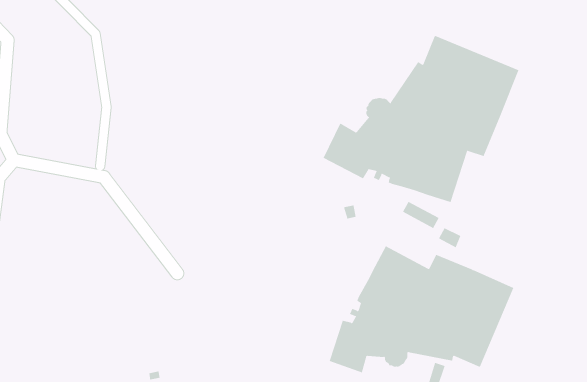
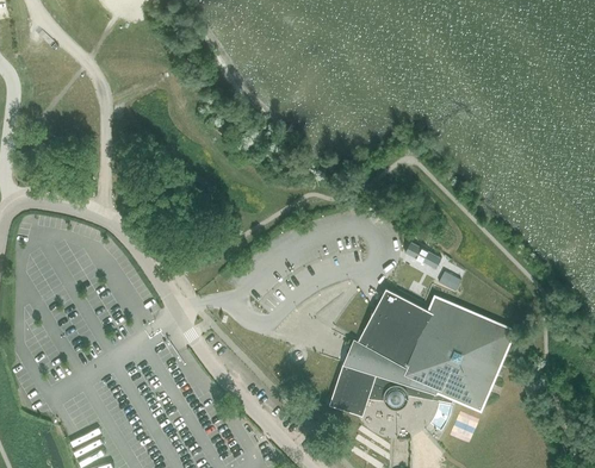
building: [323,35,519,203] -> none

